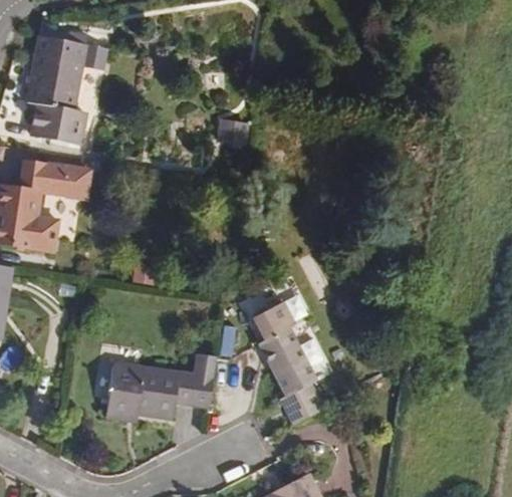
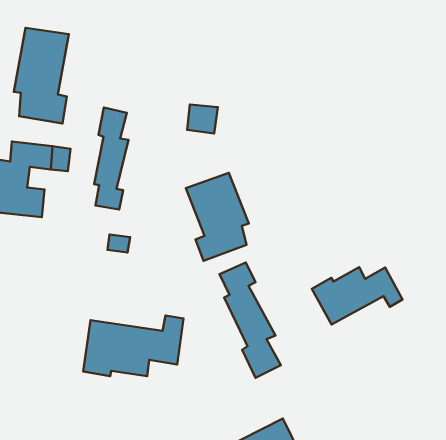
building: none -> [94,108,128,210]
building: none -> [186,173,249,261]
building: none -> [312,267,403,325]

